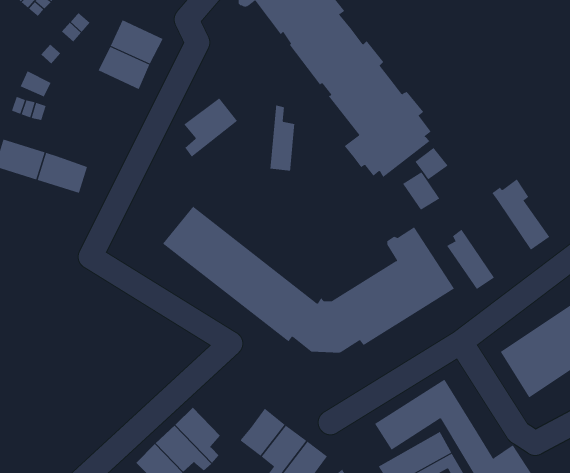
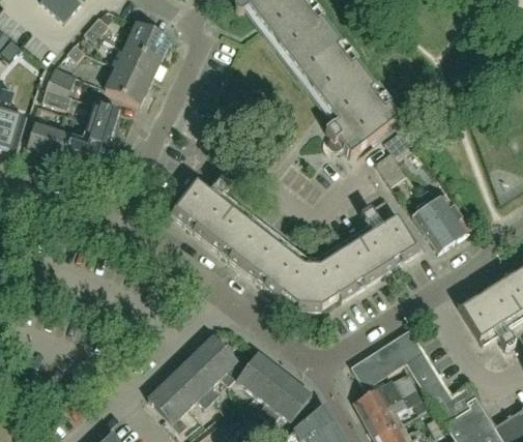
building: none -> [105,65,150,105]
building: [184,97,238,157] -> none
building: [270,105,295,171] -> none
building: none -> [83,102,118,147]
building: [492,178,550,250] -> [419,180,469,241]
building: none -> [196,335,244,384]

